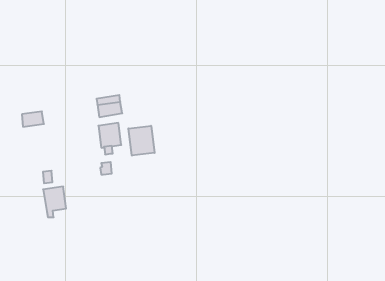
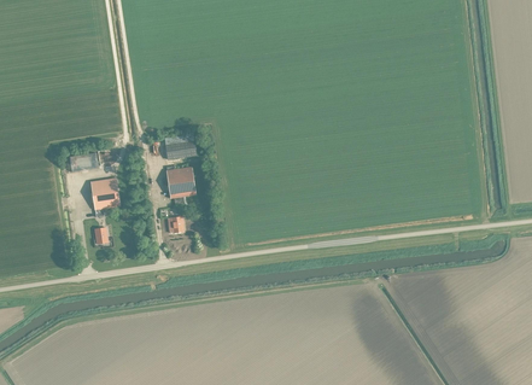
building: [128,126,155,156] -> none
building: [43,187,66,217] -> [89,177,118,216]

